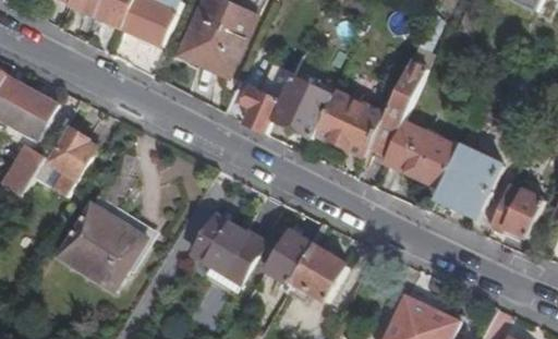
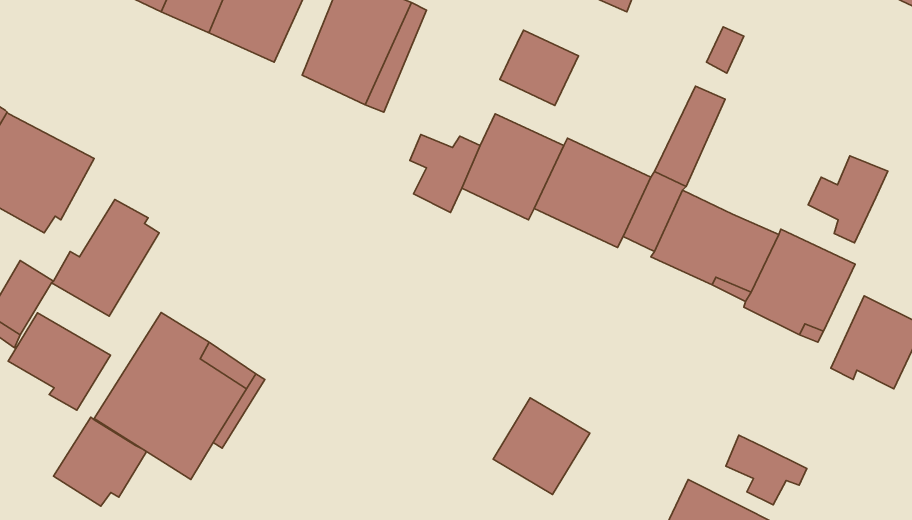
building: none -> [500,30,579,105]
building: none -> [808,156,888,243]
building: none -> [8,313,111,410]
building: [192,214,263,291] -> none
building: [264,229,313,282] -> none
building: none -> [54,417,146,506]
building: none -> [726,435,807,505]

